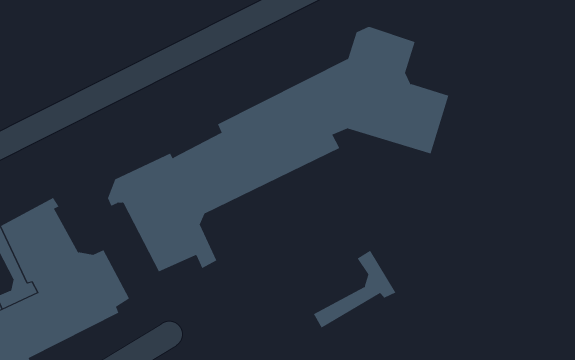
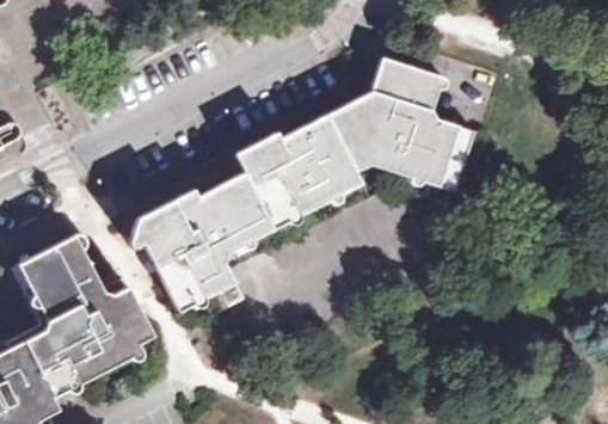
building: [313,250,396,329] -> none

